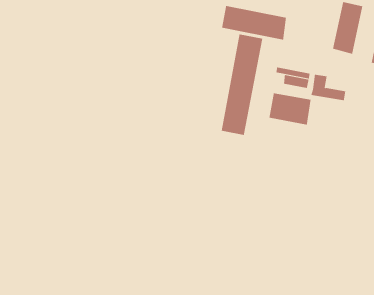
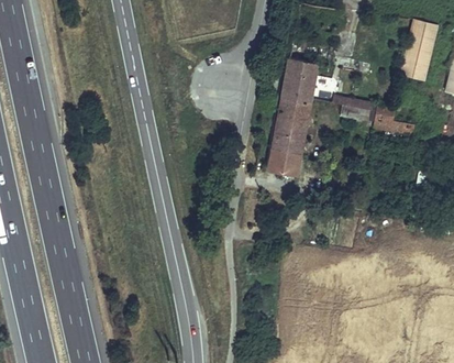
building: [222,5,287,41] -> none
building: [269,92,311,125] -> none

